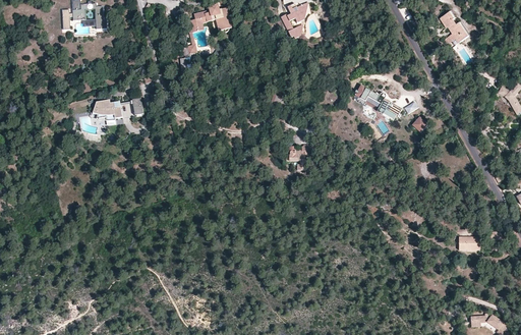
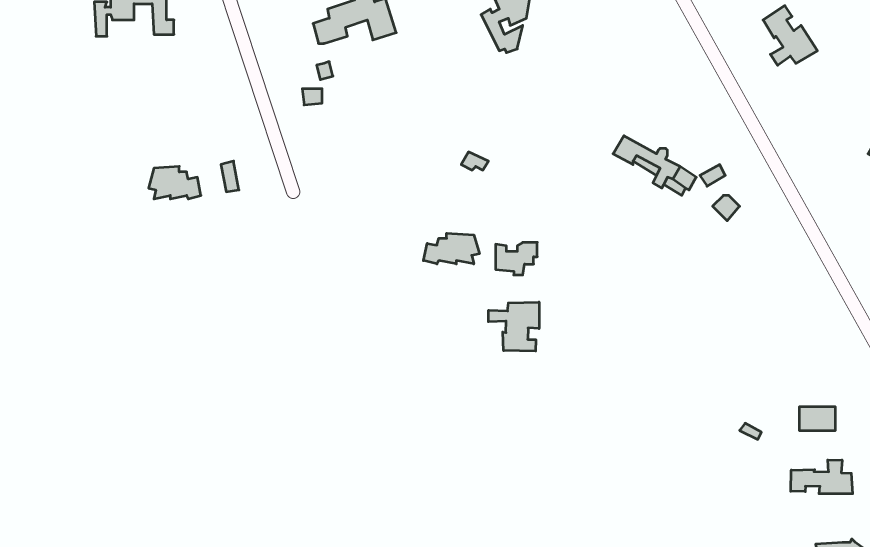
building: none -> [423,233,479,264]
building: none -> [488,302,539,351]
building: none -> [791,460,853,494]

